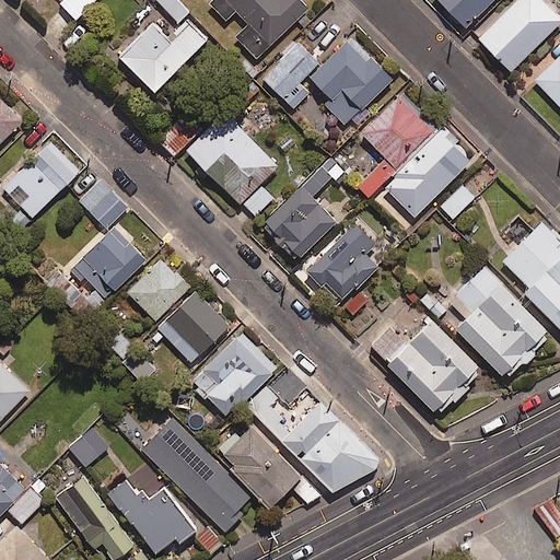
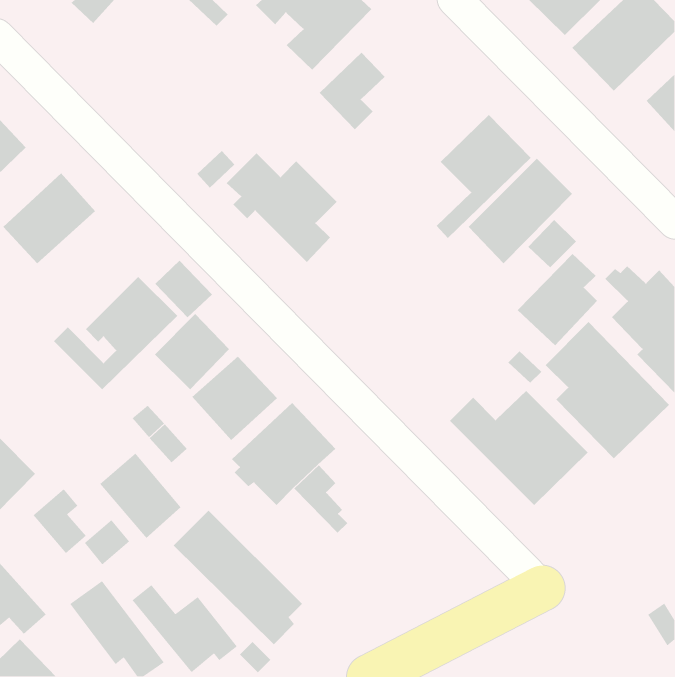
building: [119,21,209,92] -> none
building: [311,38,390,125] -> none
building: [262,163,345,261] -> none
building: [78,179,126,228] -> [154,260,213,318]
building: [308,225,375,302] -> [517,253,598,346]
building: none -> [99,452,181,539]
building: [280,401,380,493] -> none
building: none -> [33,488,87,554]
building: [214,428,319,510] -> none

